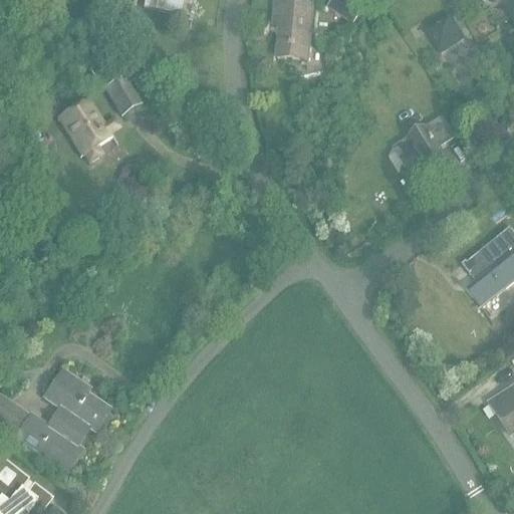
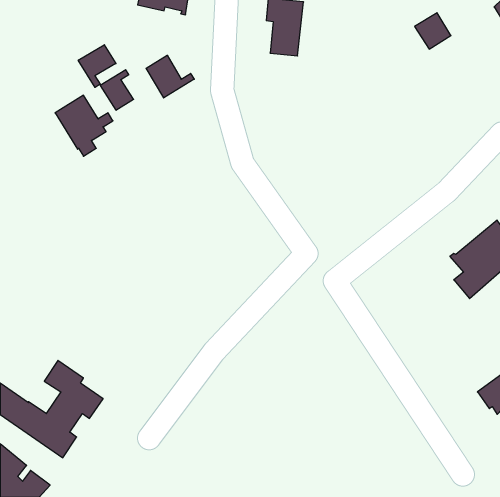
building: none -> [78,45,116,87]
building: none -> [146,55,194,98]
building: [399,114,457,181] -> none

